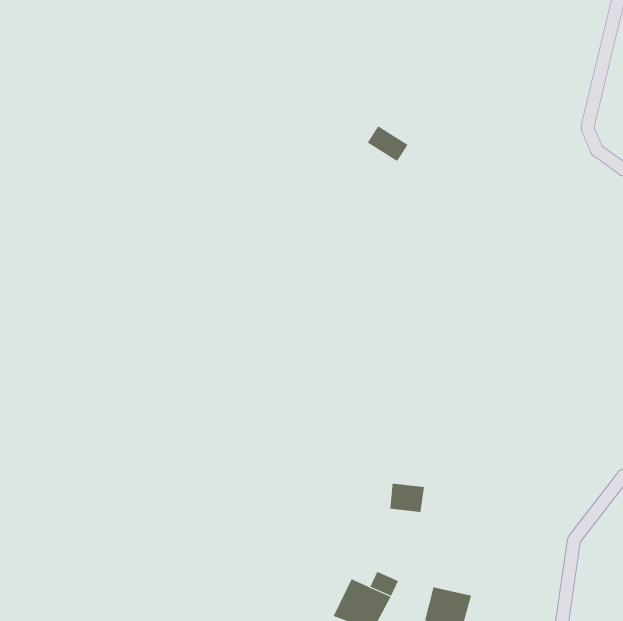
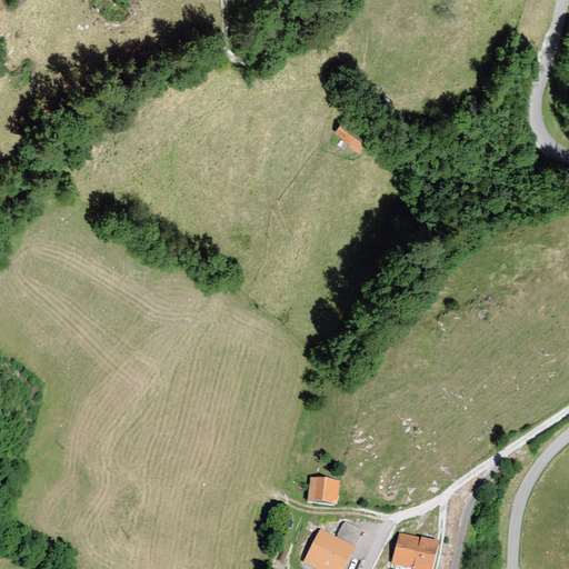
building: [389,483,425,513] -> [309,478,341,505]

